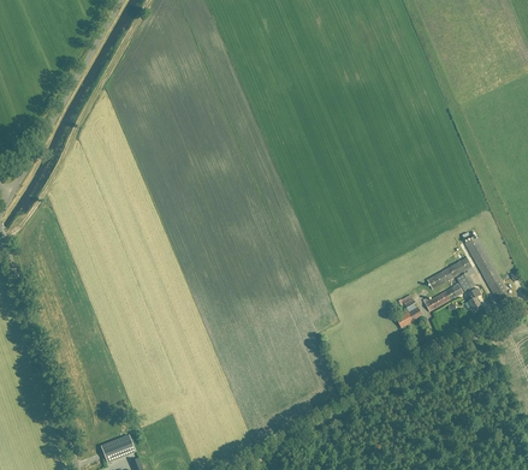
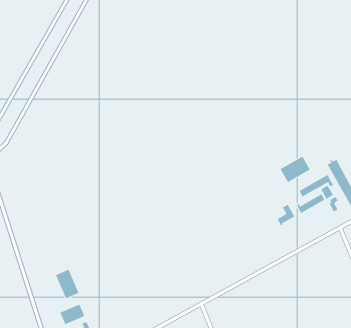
building: none -> [280,156,311,183]
building: none -> [55,269,79,299]

